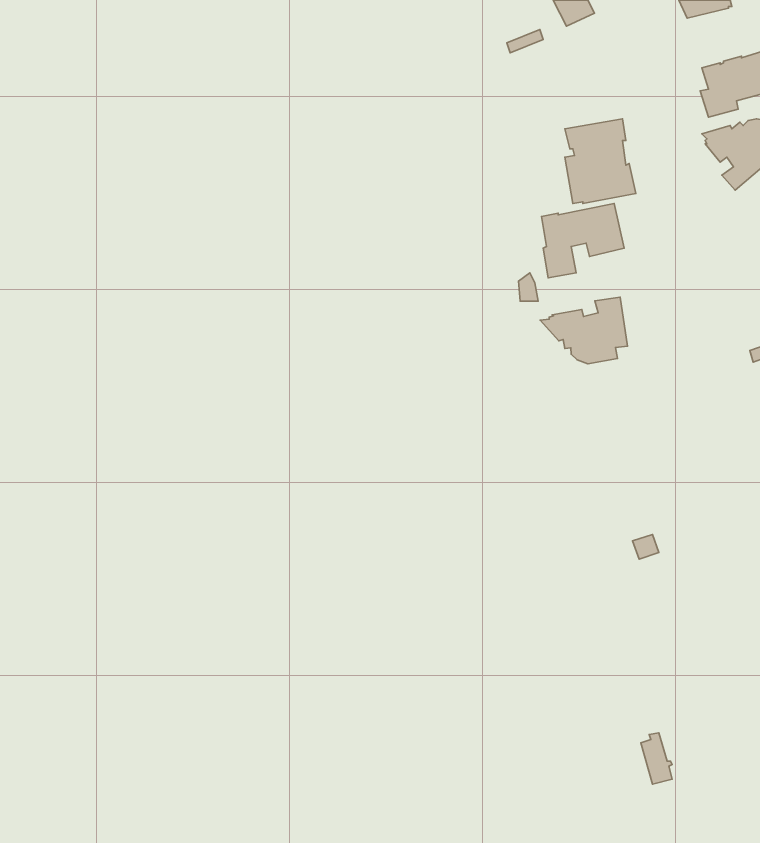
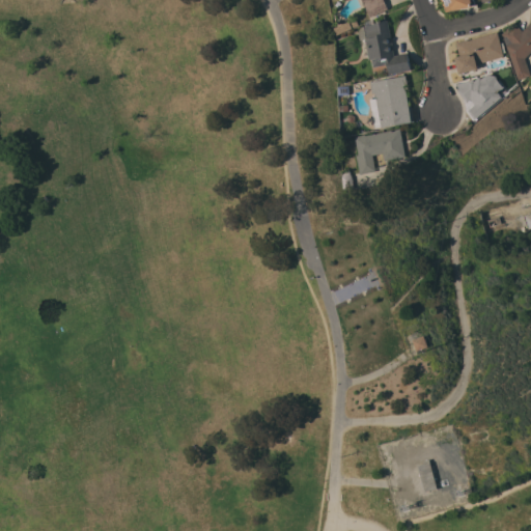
building: none -> [363,21,411,75]
building: [540,297,627,364] -> none

